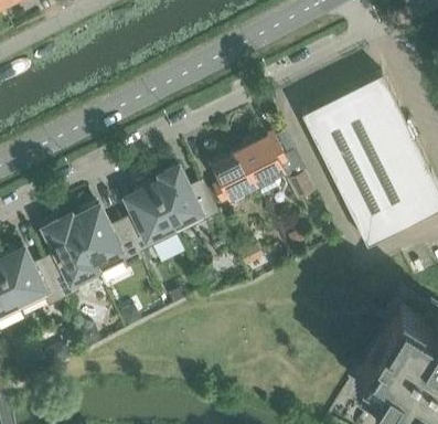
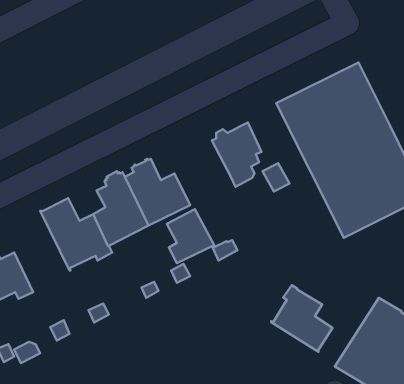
building: [210,149,256,202] -> [167,209,214,263]
building: [44,216,98,297] -> none
building: none -> [271,285,333,352]

